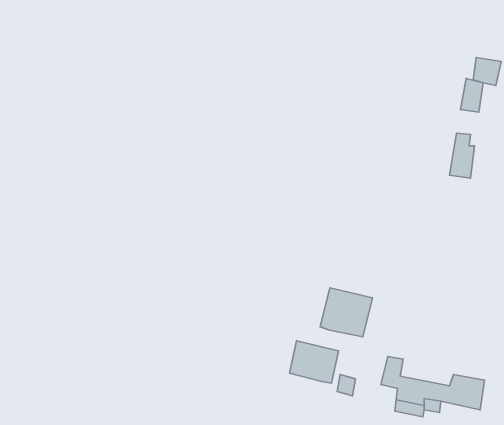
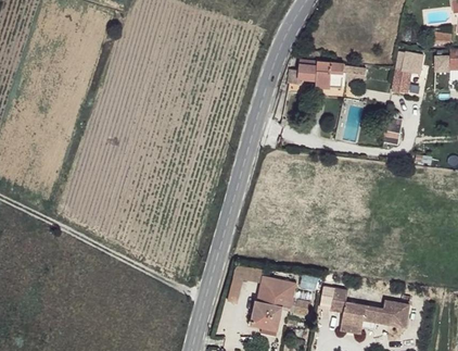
building: none -> [287,61,359,88]
building: [320,288,372,337] -> none
building: none -> [252,297,282,325]

